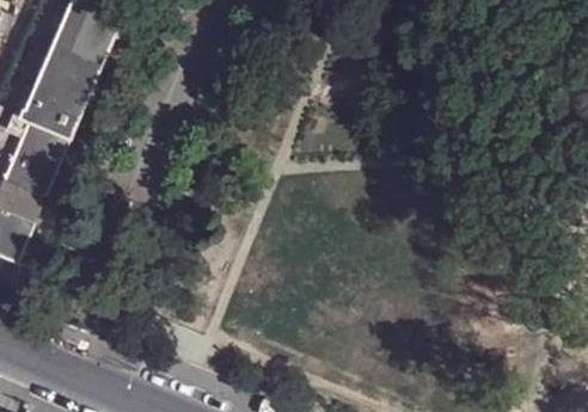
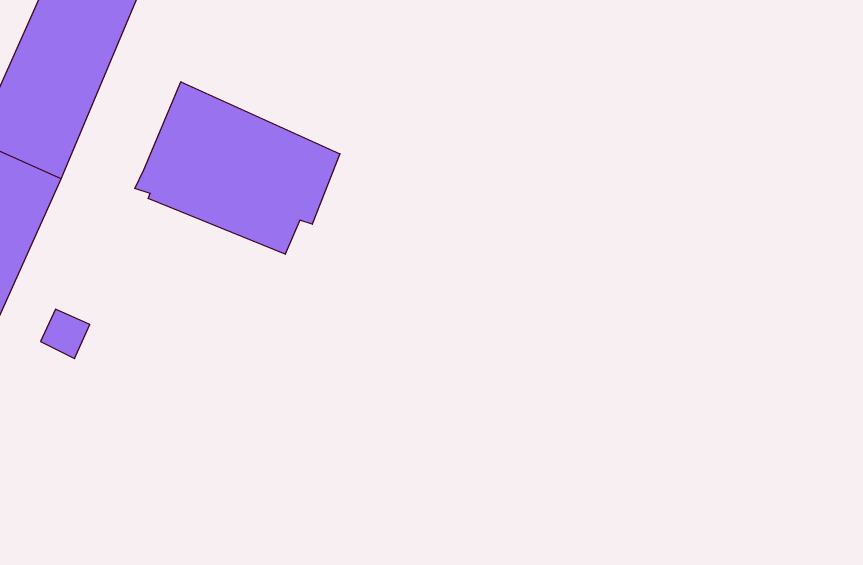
building: none -> [135,82,340,254]

